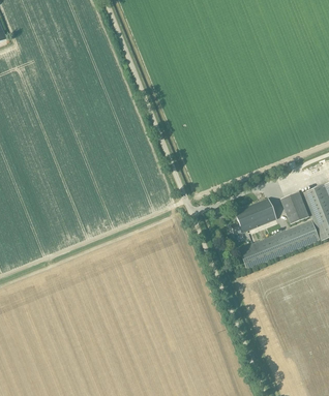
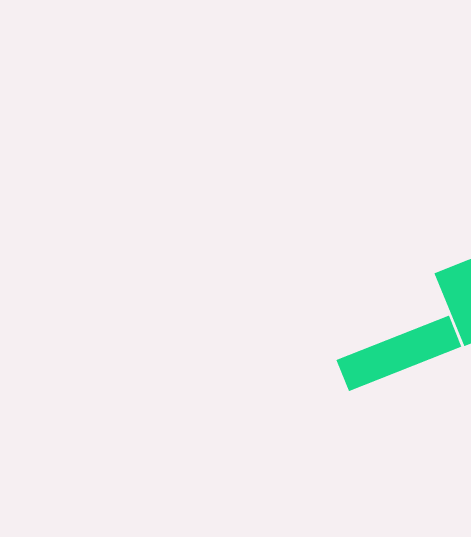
building: [281,191,309,223] -> none
building: [231,197,276,234] -> none

